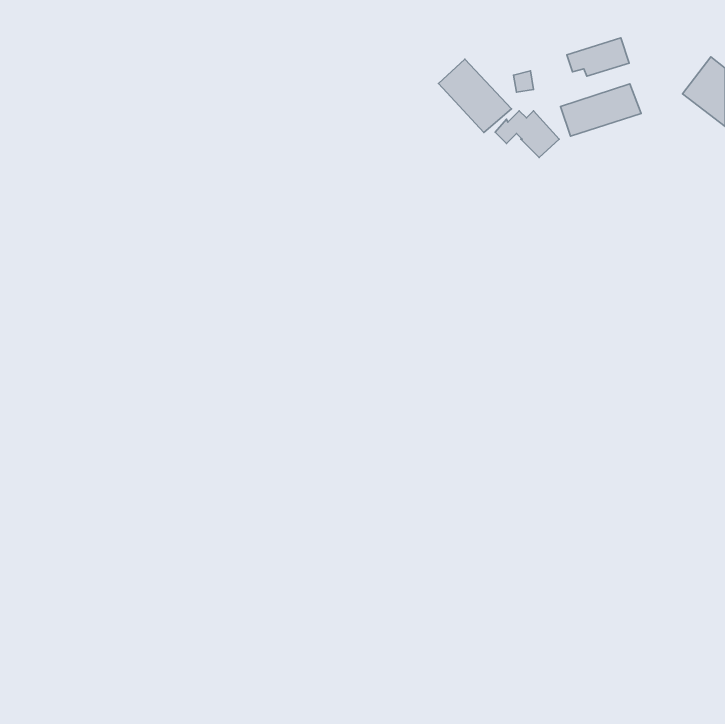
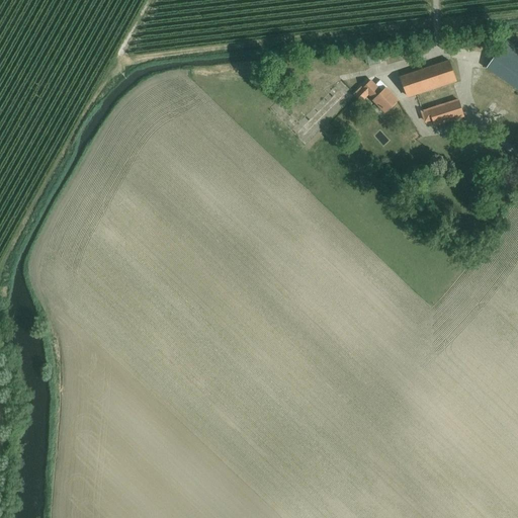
building: [567,38,629,76] -> [420,98,464,125]
building: [438,59,512,133] -> none

